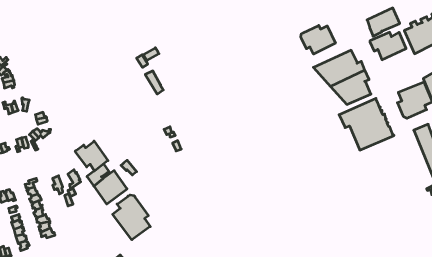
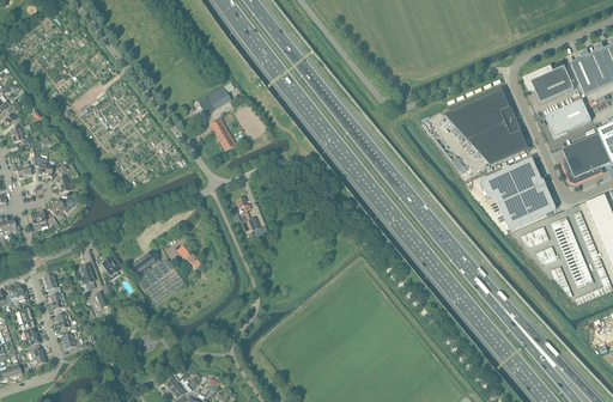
building: [367,8,400,36] -> [546,98,591,138]
building: [301,25,335,54] -> none
building: [75,141,108,171] -> none
building: [113,195,150,240] -> none

